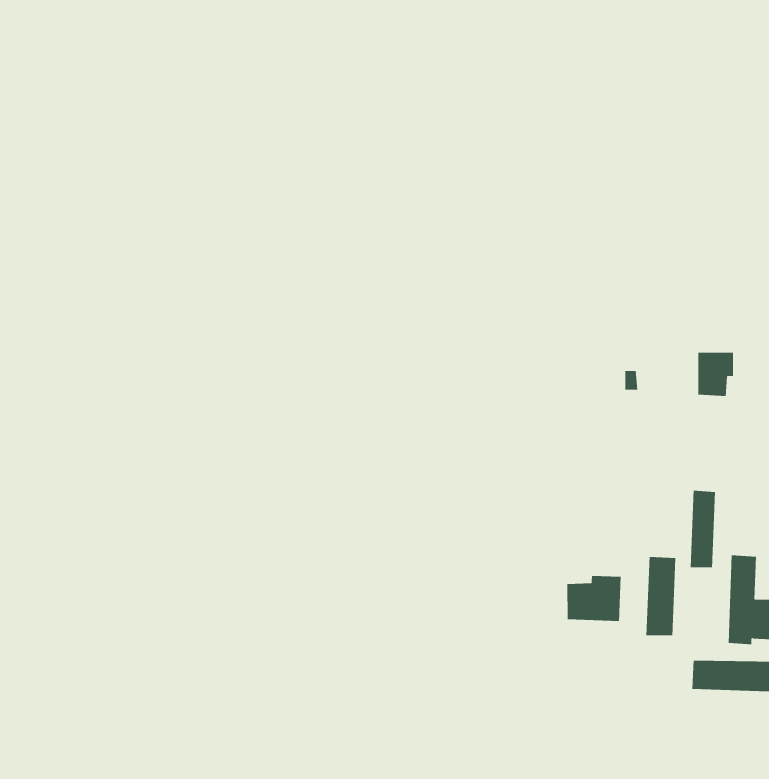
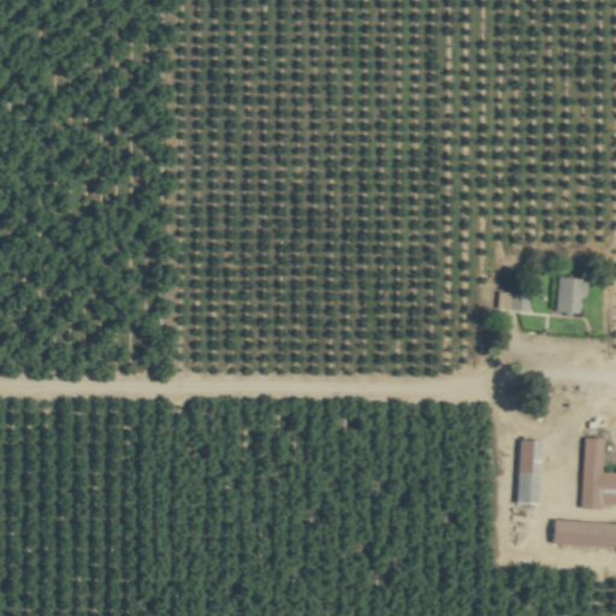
building: [690,490,715,568] -> none
building: [567,575,621,622] -> none

